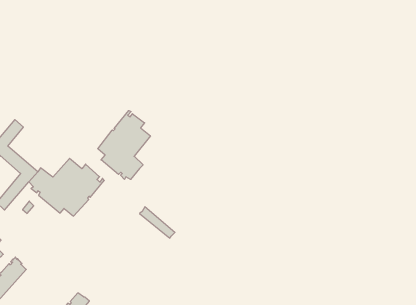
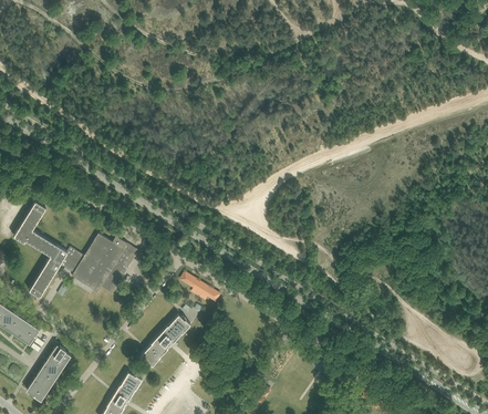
building: [98,111,150,179] -> none
building: none -> [141,315,190,366]

